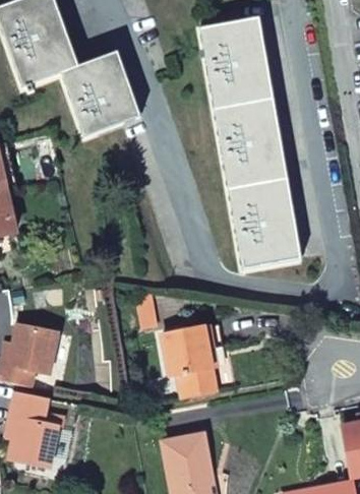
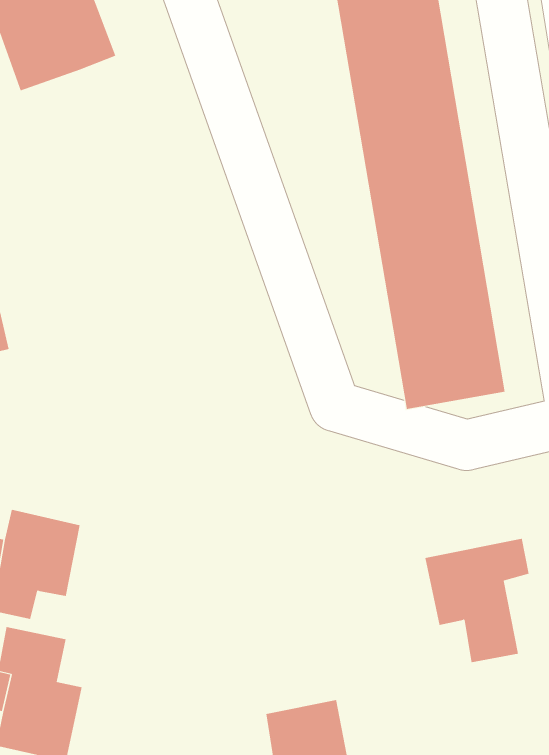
building: [57,52,135,137] -> none
building: [162,324,222,395] -> [425,538,529,663]

